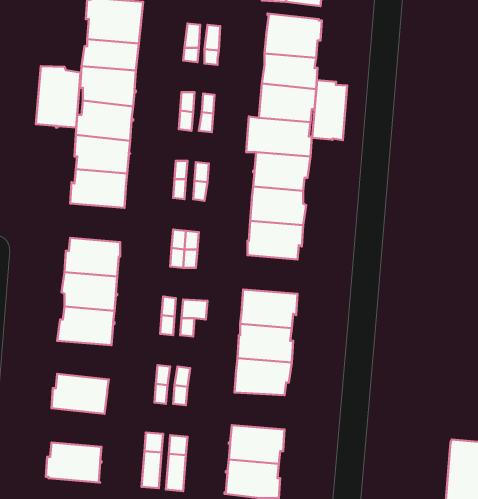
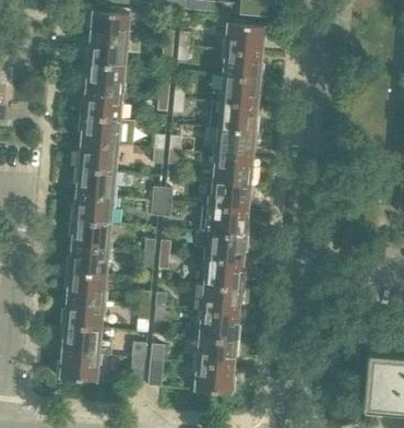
building: [36,66,81,128] -> none
building: [312,80,347,140] -> none
building: none -> [73,168,116,198]
building: none -> [206,207,249,237]
building: none -> [63,273,106,302]
building: none -> [198,312,240,341]
building: none -> [59,324,111,355]

